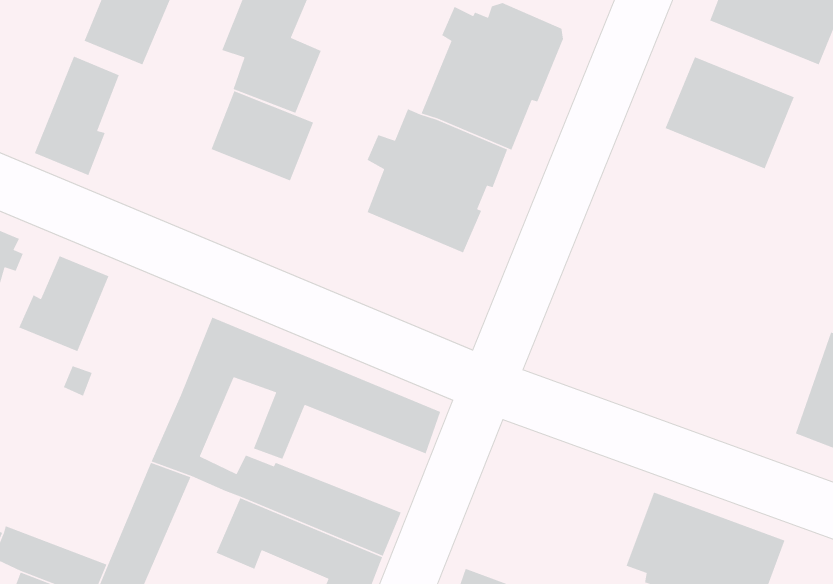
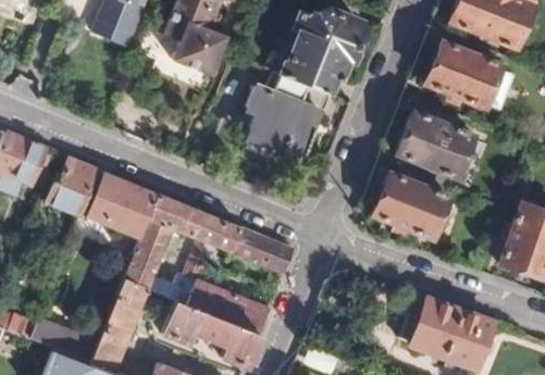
building: [34,55,120,176] -> none
building: [210,90,314,182] -> none
building: none -> [398,111,474,176]
building: none -> [89,174,161,240]
building: none -> [373,177,447,241]

